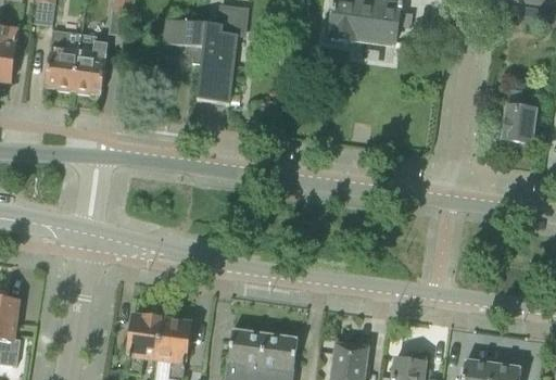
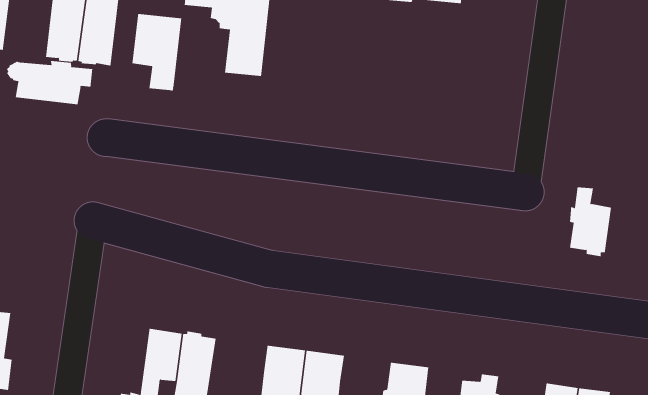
building: none -> [132,13,182,91]
building: [502,88,538,147] -> [569,187,612,257]
building: none -> [6,60,93,105]

